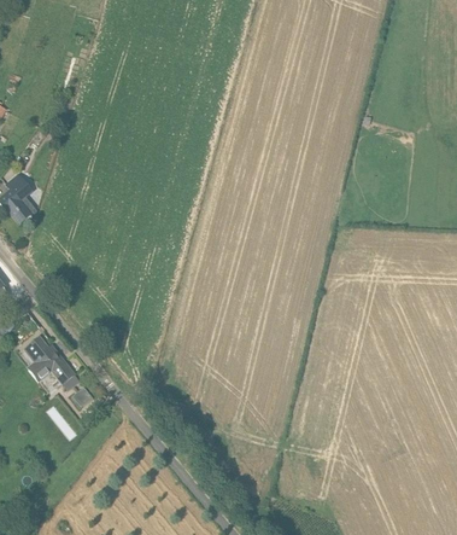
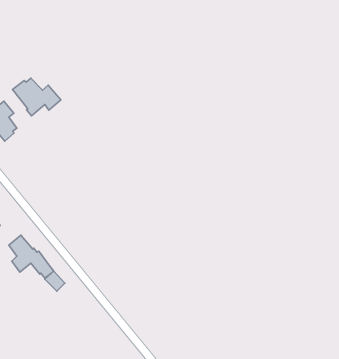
building: none -> [12,78,61,116]

